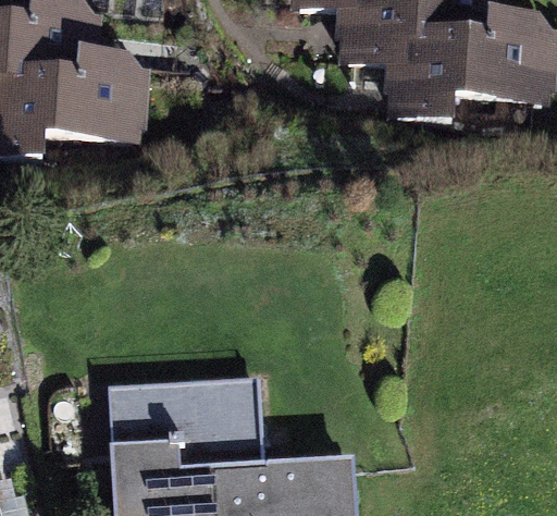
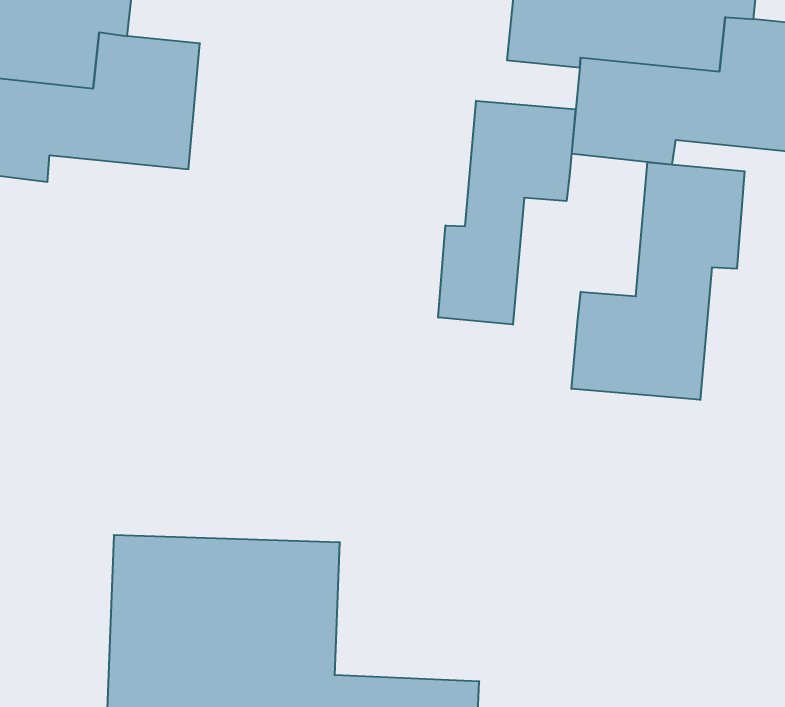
building: none -> [438,101,575,325]
building: none -> [572,162,745,400]

